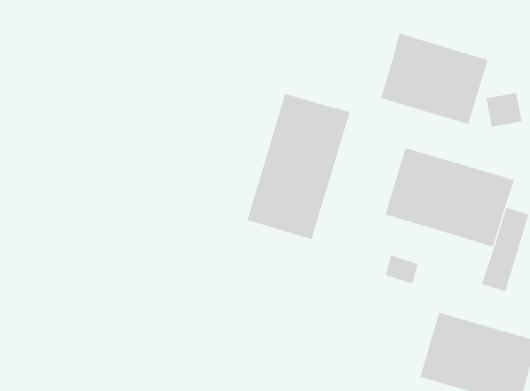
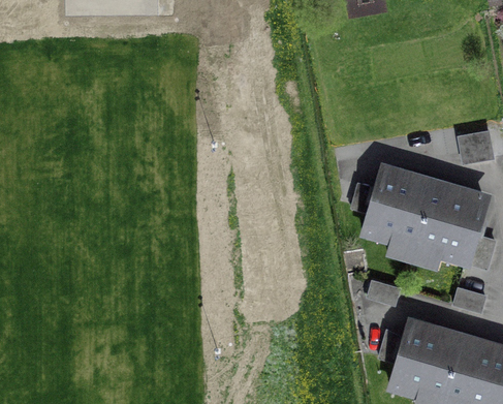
building: [381,33,488,125] -> none
building: [247,93,350,240] -> none

